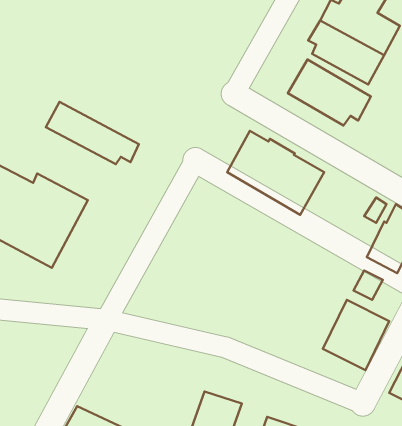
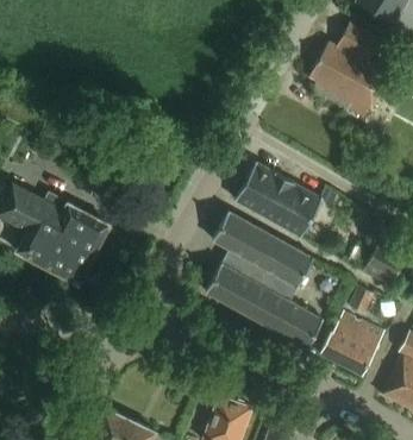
building: [288,59,371,126] -> none
building: [46,102,139,164] -> none
building: none -> [206,213,323,351]

